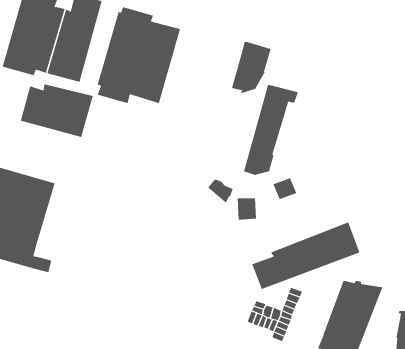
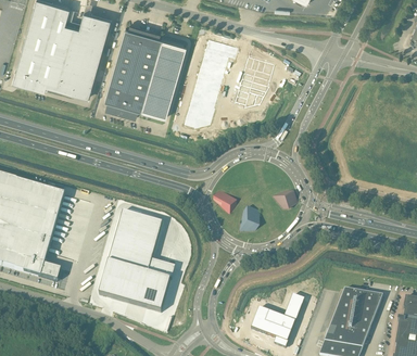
building: [20,84,93,138] -> none
building: [243,84,299,176] -> [185,38,239,127]
building: none -> [99,211,175,312]
building: [251,221,360,290] -> none

